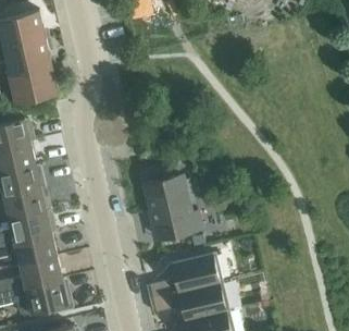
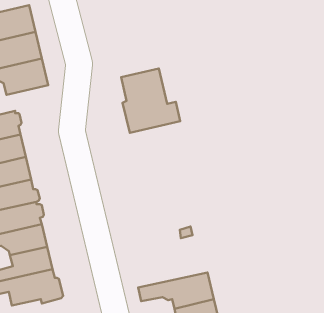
building: [145,176,204,242] -> [121,69,180,133]
building: [147,254,221,298] -> none

